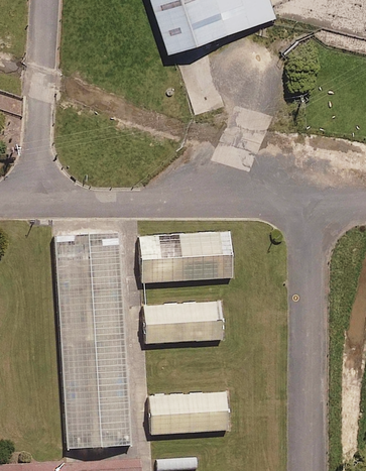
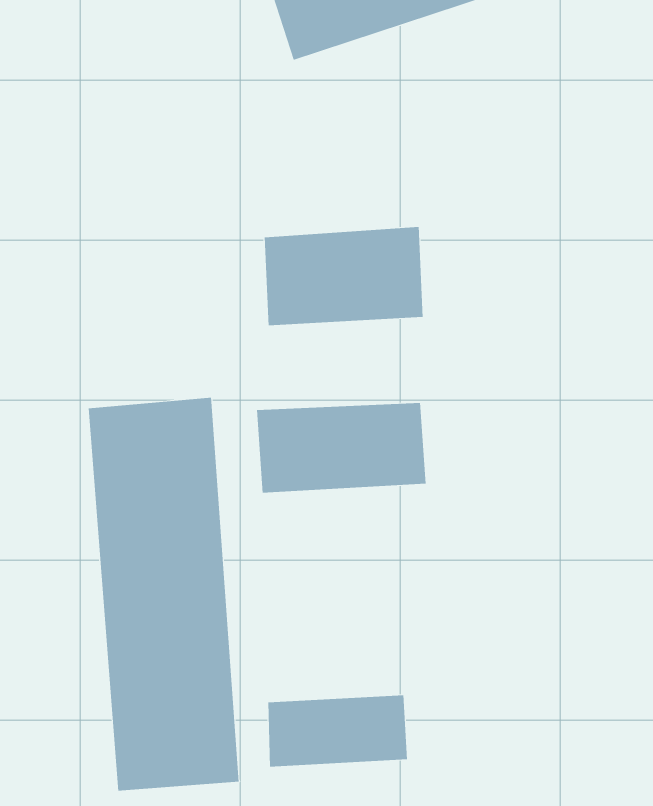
building: none -> [264,226,423,326]
building: [144,295,220,337] -> none

